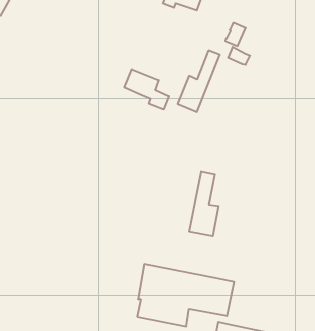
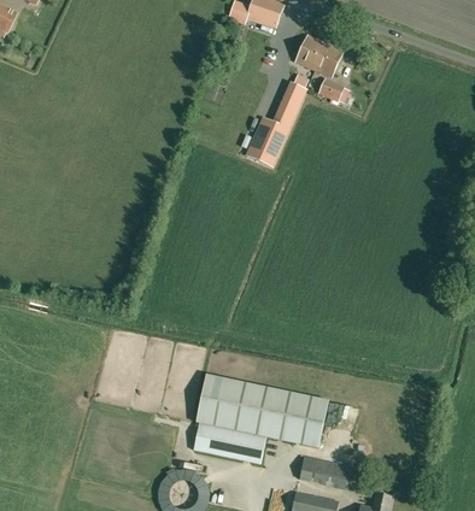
building: none -> [295,35,326,69]
building: [125,69,169,109] -> none
building: [189,171,218,236] -> none

